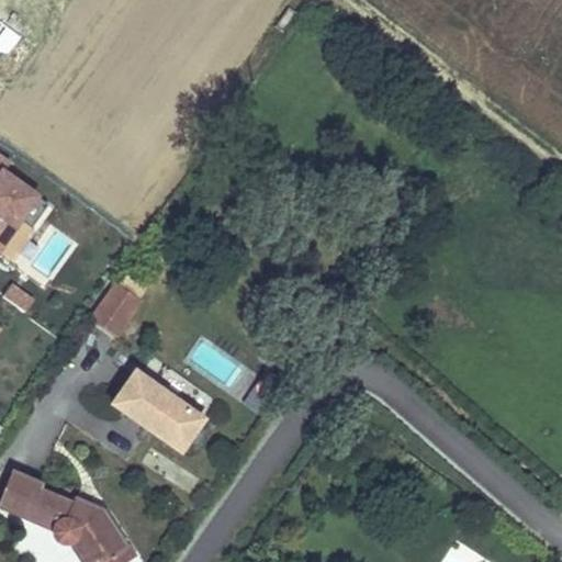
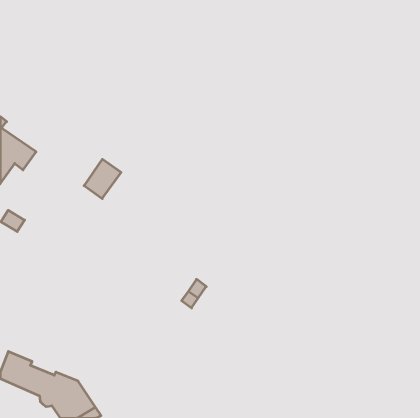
building: [91,282,140,335] -> [84,159,121,199]
building: [112,370,203,451] -> none

